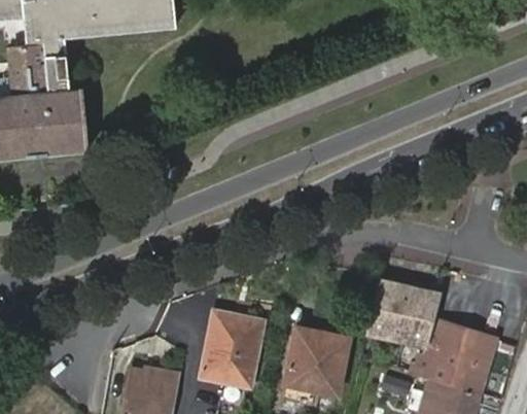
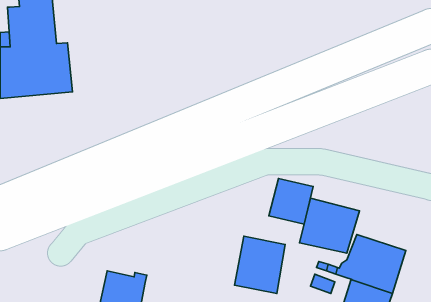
building: none -> [269,179,313,224]
building: [197,317,261,384] -> none

